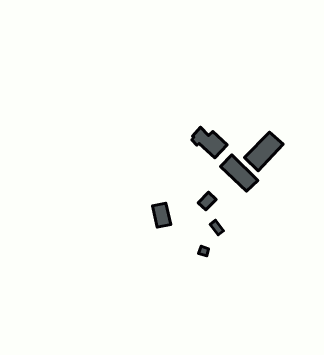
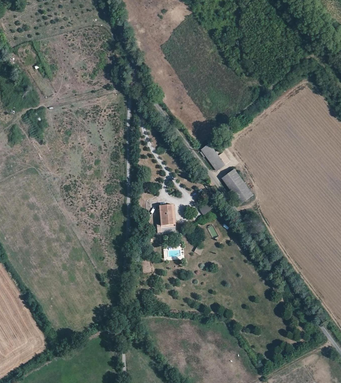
building: [244,132,283,171] -> none

